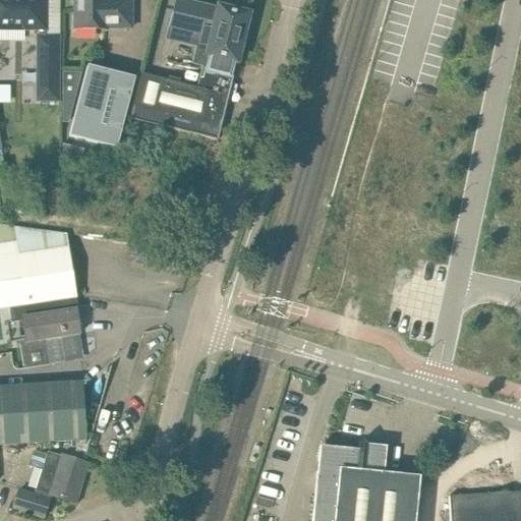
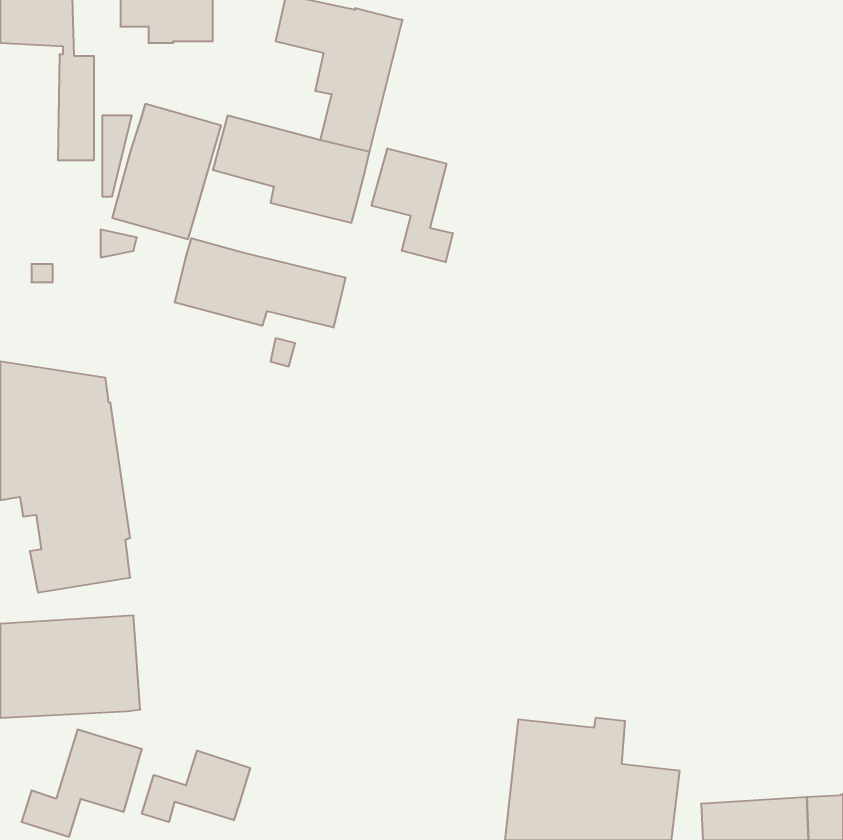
building: none -> [372,148,453,262]
building: none -> [175,238,345,328]
building: none -> [142,750,250,822]

